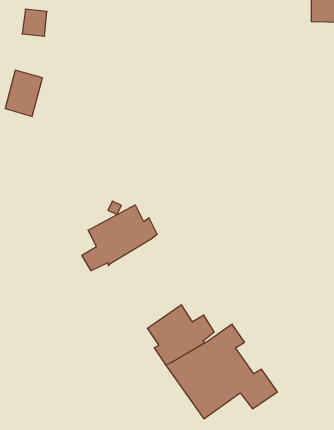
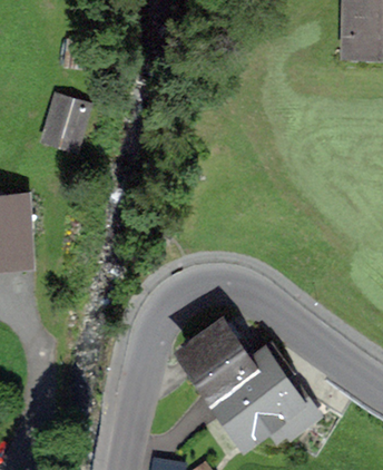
building: [82,205,157,271] -> none

